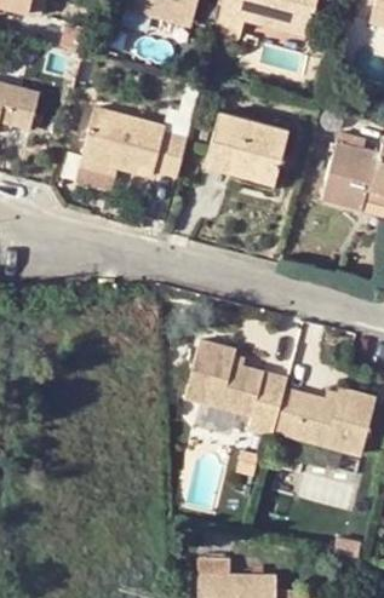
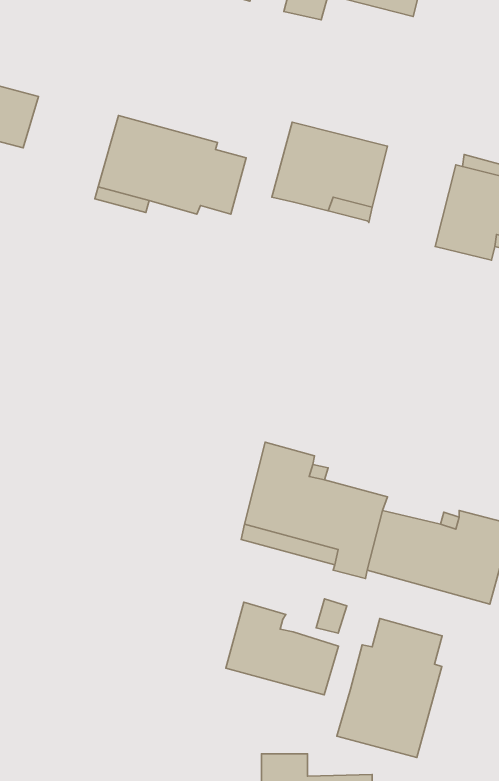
building: none -> [226,602,339,695]
building: none -> [337,618,442,758]

